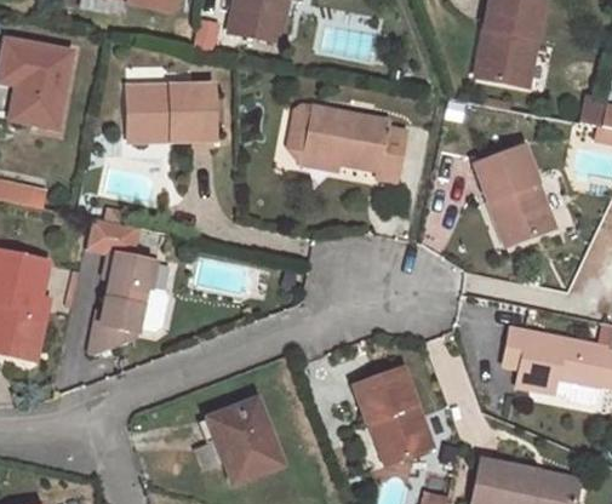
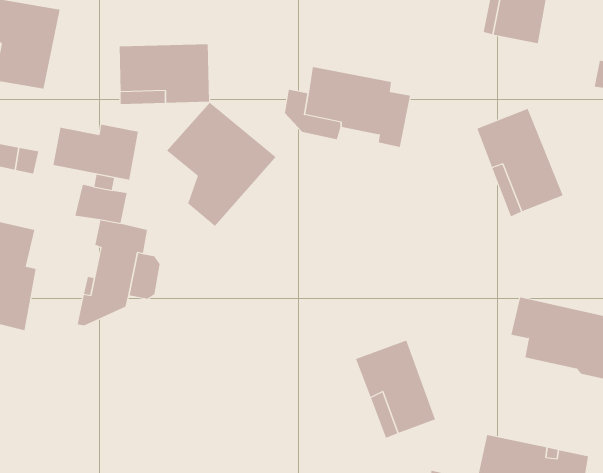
building: none -> [166,102,277,227]
building: none -> [53,124,139,181]
building: [211,397,281,482] -> none

